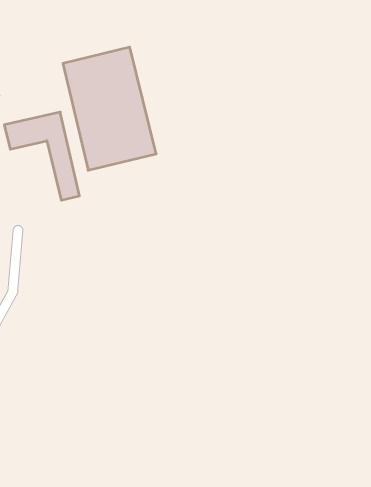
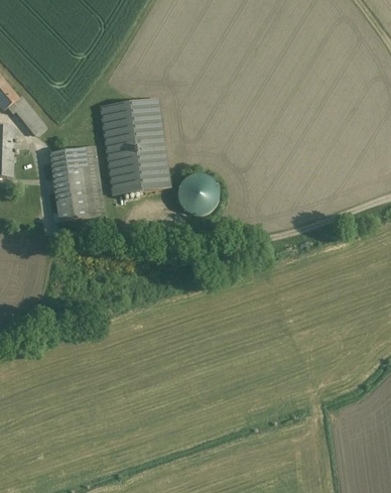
building: none -> [176,173,218,214]
building: none -> [51,167,89,221]

